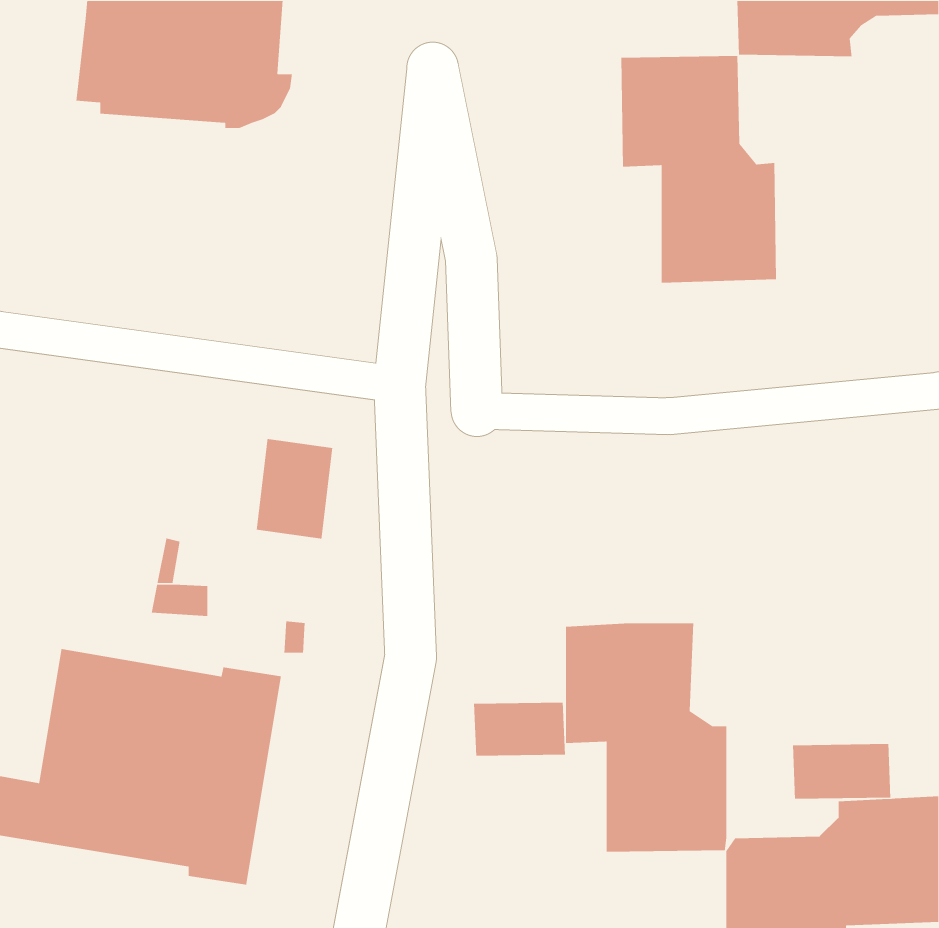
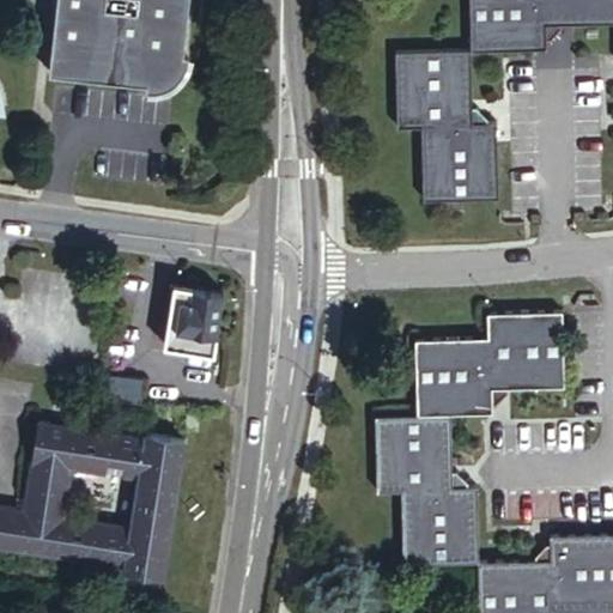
building: none -> [408,310,566,413]
building: [473,702,566,757] -> none
building: [792,743,891,800] -> none

